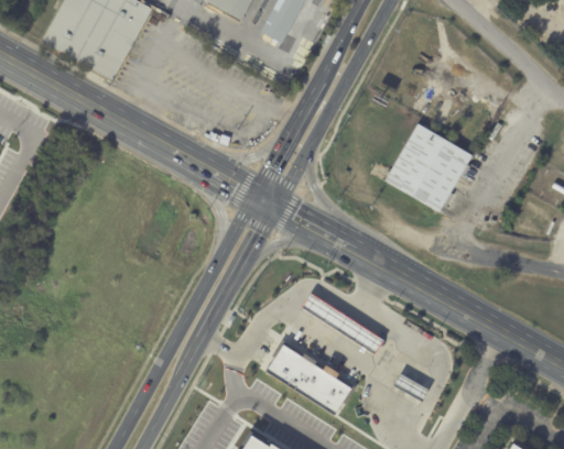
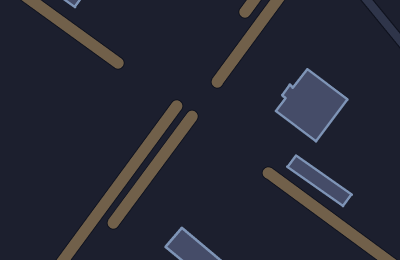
building: [299,294,383,350] -> [287,156,352,206]

